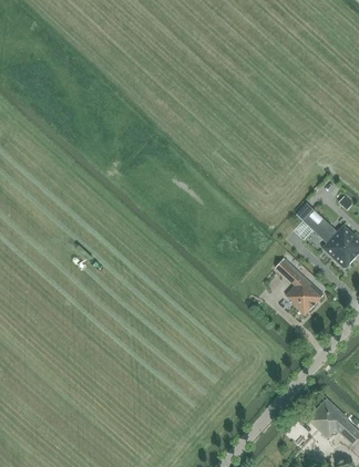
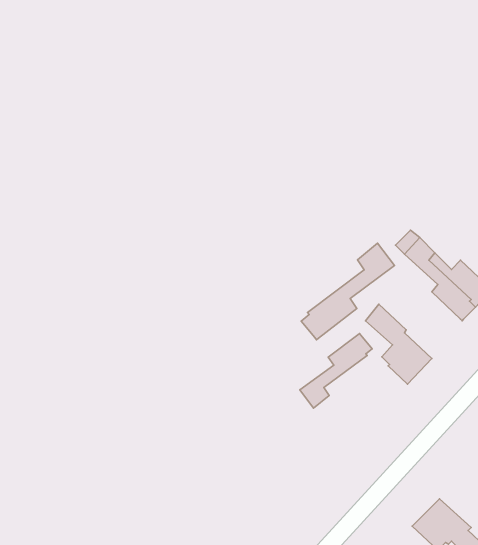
building: none -> [301,243,395,340]
building: none -> [300,334,372,408]

